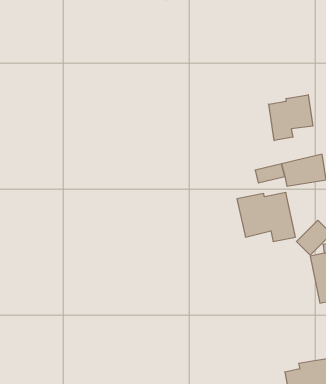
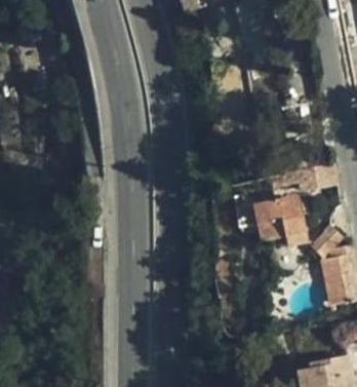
building: [269,95,313,141] -> none

